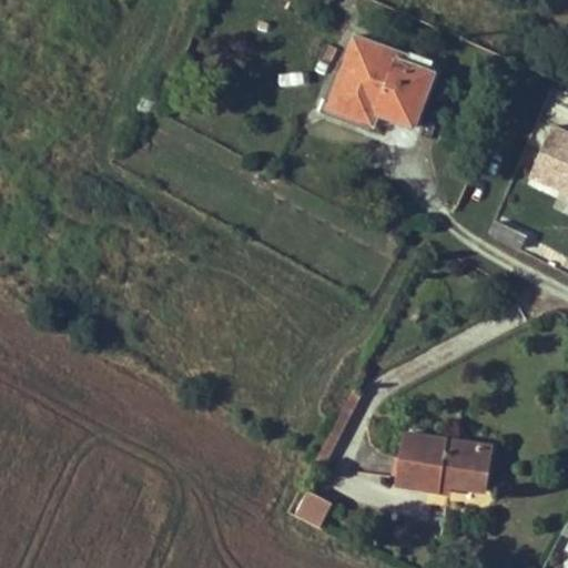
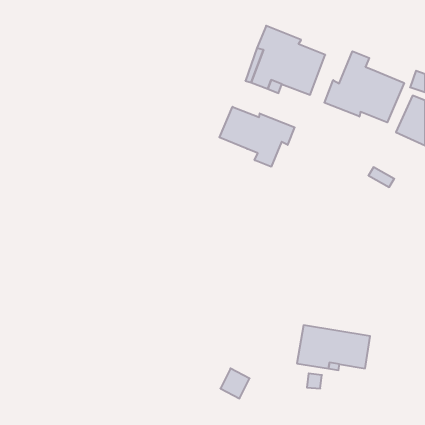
building: none -> [324,51,404,122]
building: none -> [219,107,295,167]

